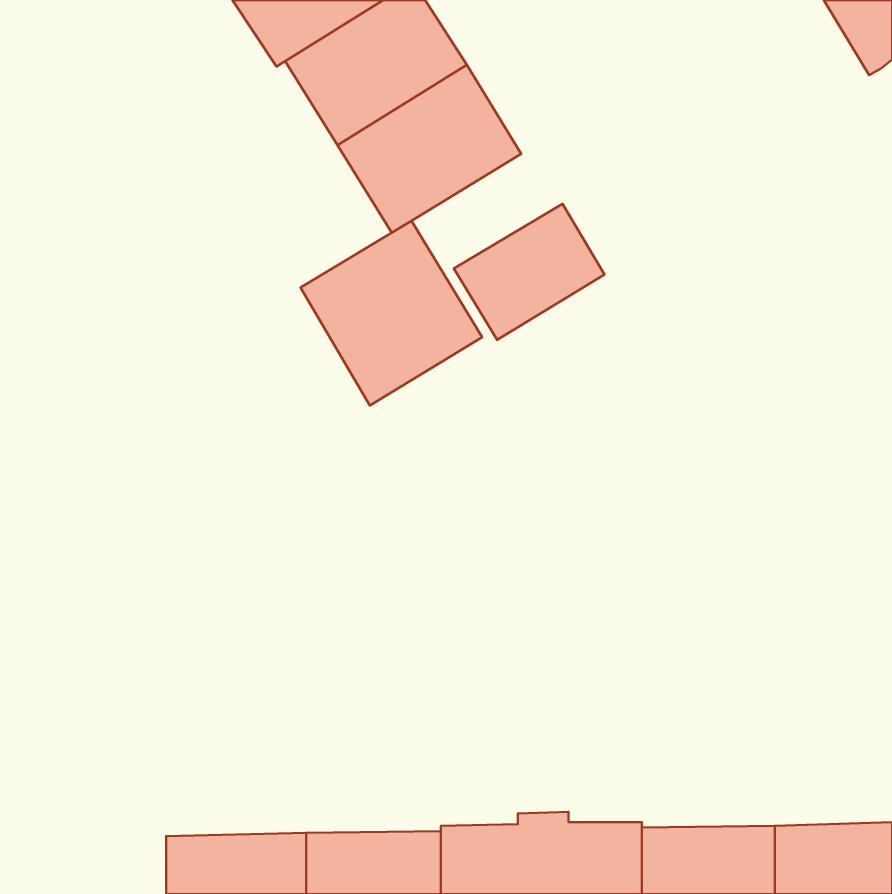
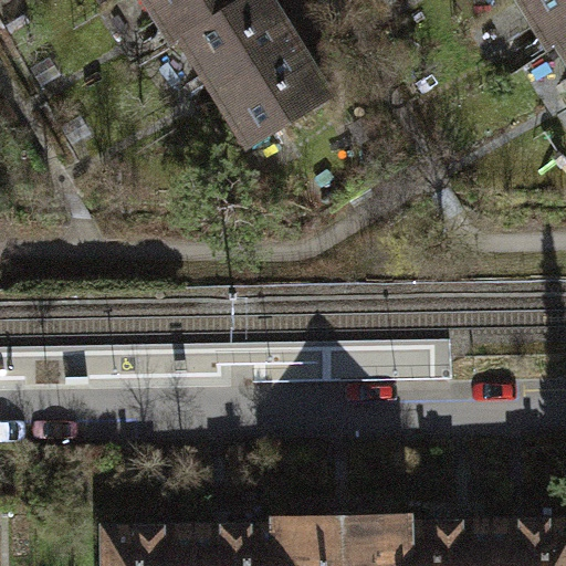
building: [454,204,605,340] -> none
building: [300,221,482,405] -> none

